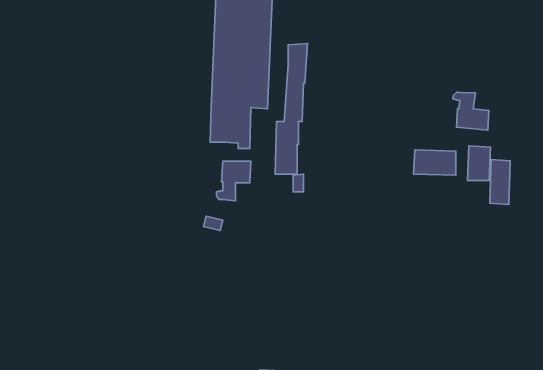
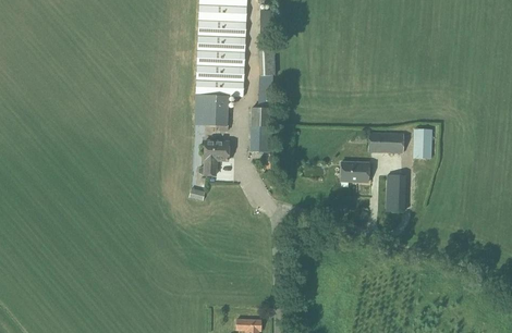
building: [453,92,489,130] -> none
building: [490,160,510,204] -> [386,173,403,211]
building: none -> [341,161,368,181]

